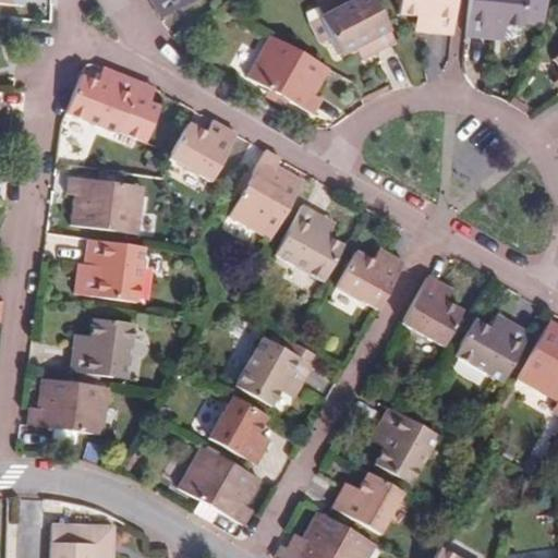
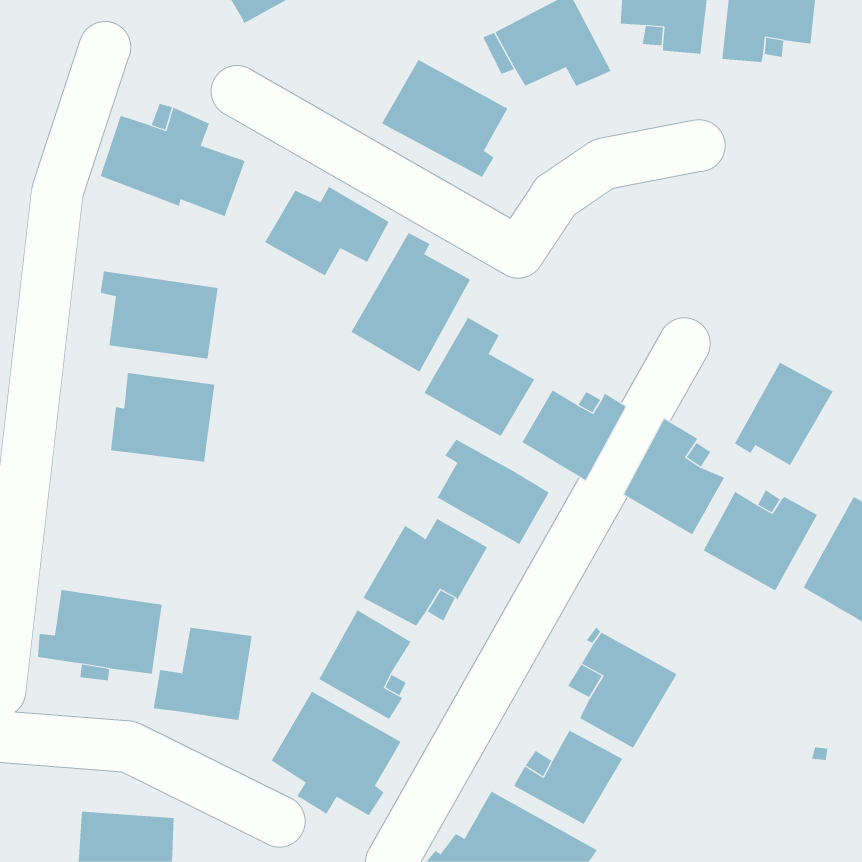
building: none -> [734,362,834,466]
building: none -> [437,439,550,545]
building: [68,317,132,377] -> [153,627,253,720]

